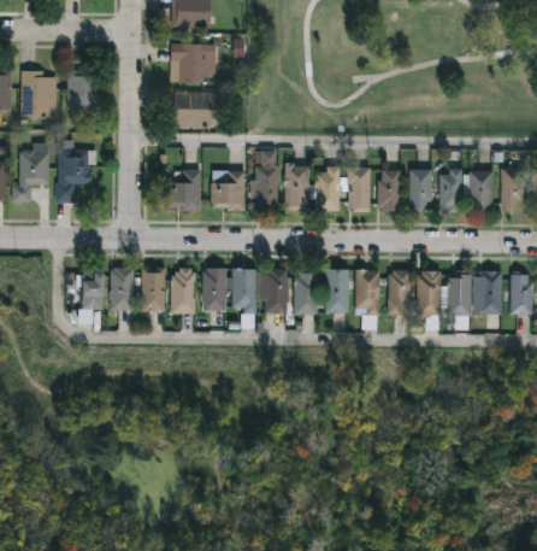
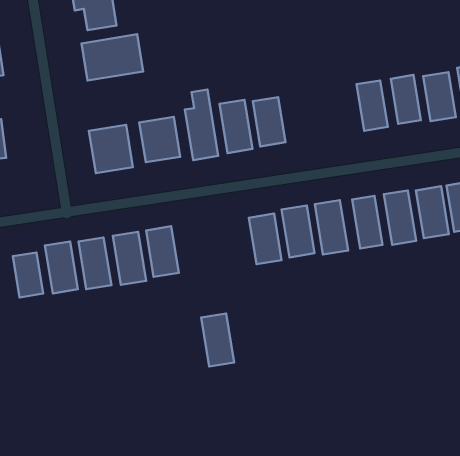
building: [348,169,368,211] -> none
building: [378,171,400,212] -> none
building: [232,269,256,311] -> none
building: [264,269,287,313] -> [201,313,234,367]

